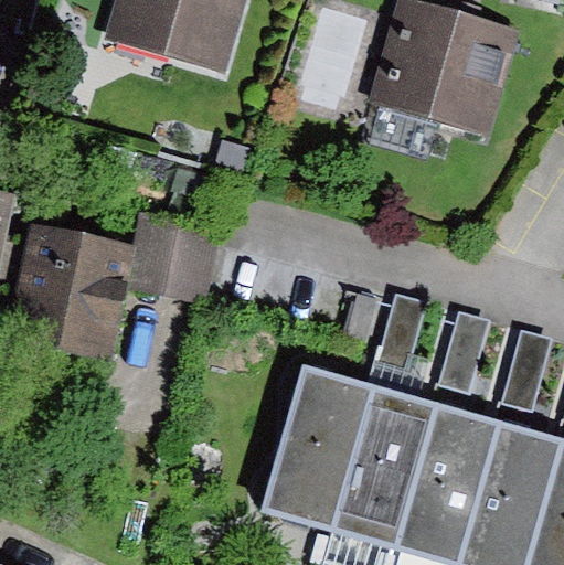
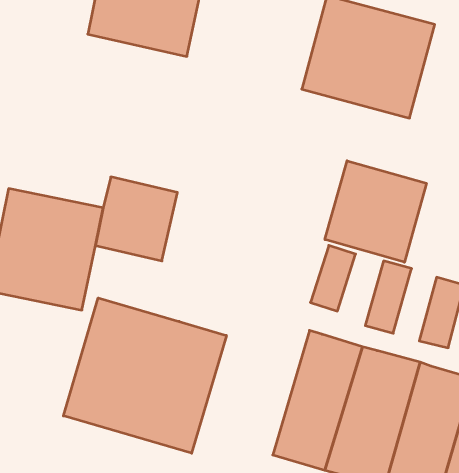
building: none -> [325,161,426,262]
building: none -> [63,298,226,453]
building: [263,366,373,526] -> none

